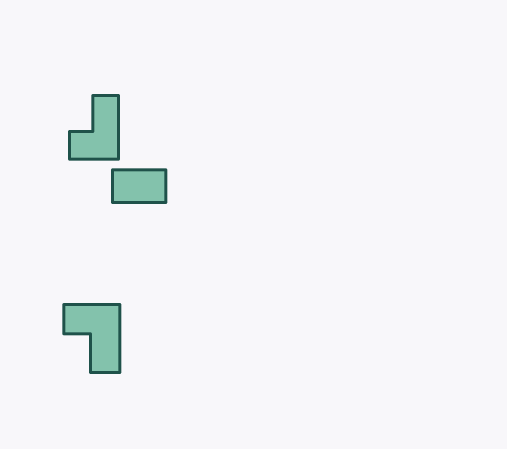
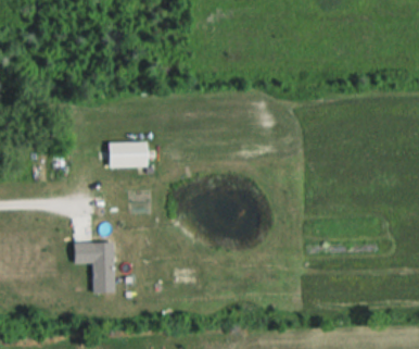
building: [70,95,119,159] -> none

